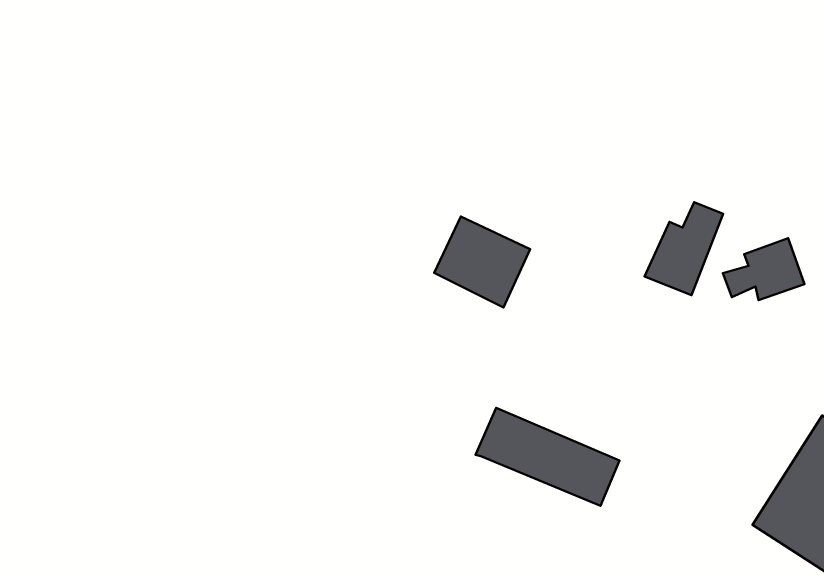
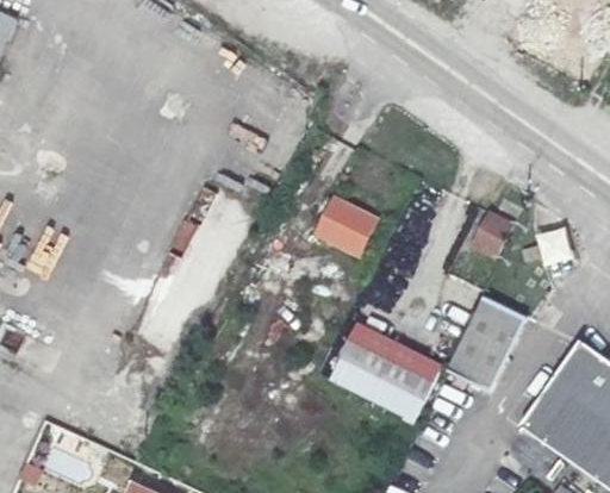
building: none -> [447,295,527,387]
building: none -> [330,356,423,422]

